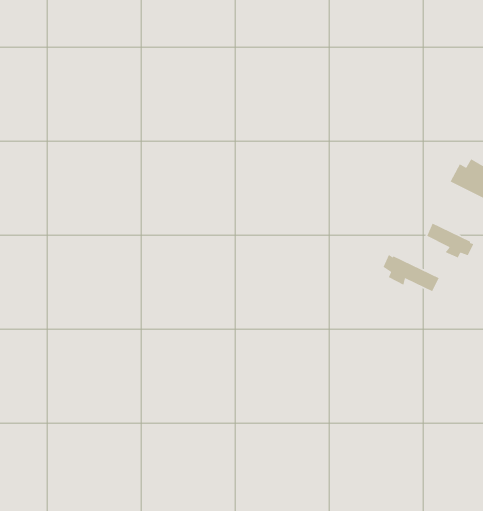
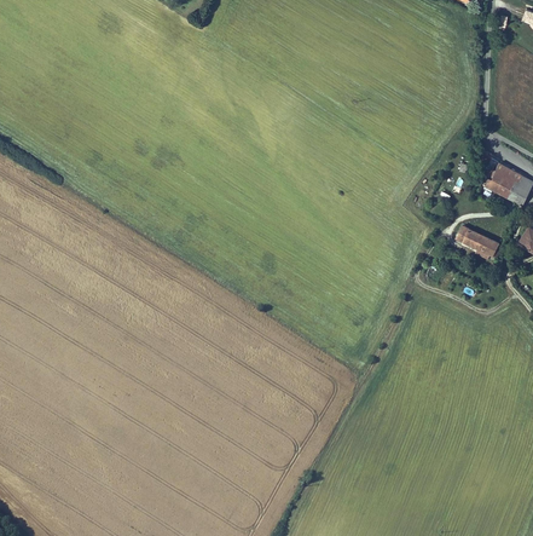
building: [382,254,440,292] -> none

